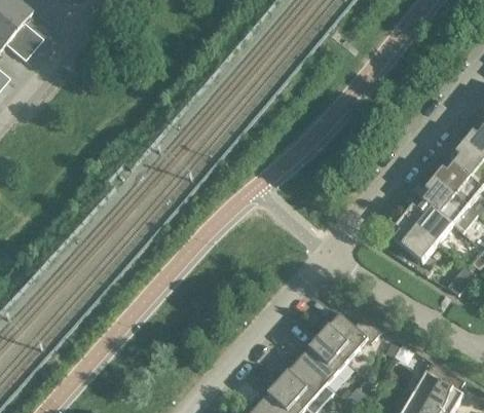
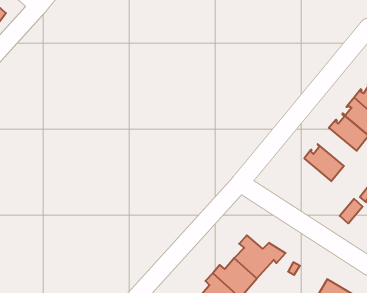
building: [420,178,476,230] -> none
building: [393,215,437,261] -> none

